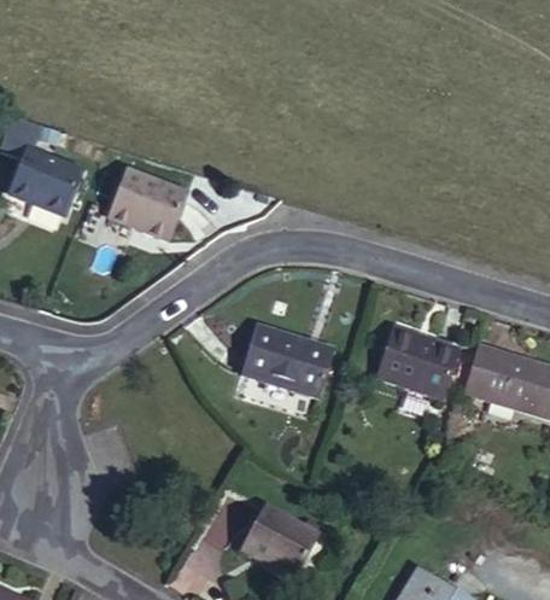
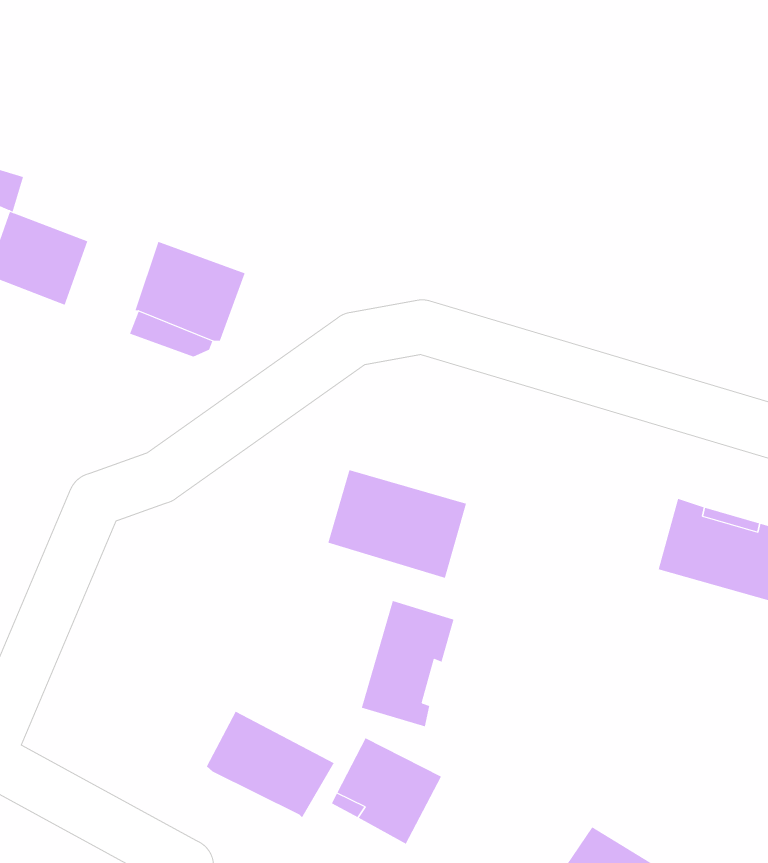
building: [380,328,457,394] -> none
building: none -> [361,600,454,727]
building: none -> [206,711,334,818]

